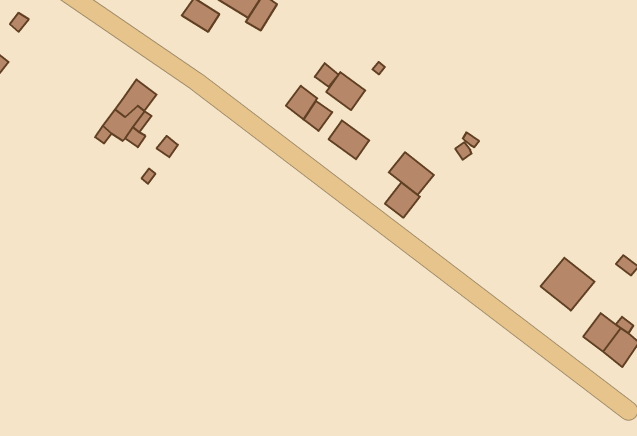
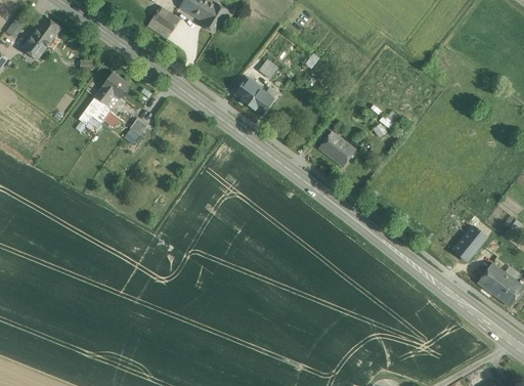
building: none -> [17,16,60,66]
building: [326,72,365,110] -> none
building: [329,120,369,159] -> none
building: [385,182,420,218] -> none

